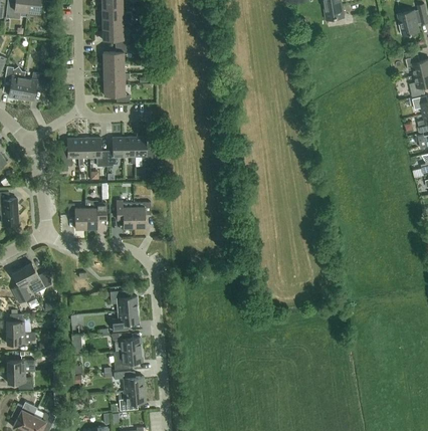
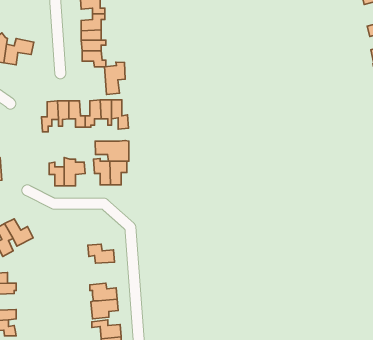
building: none -> [105,62,125,94]
building: none -> [95,140,129,161]
building: [112,309,139,331] -> none

